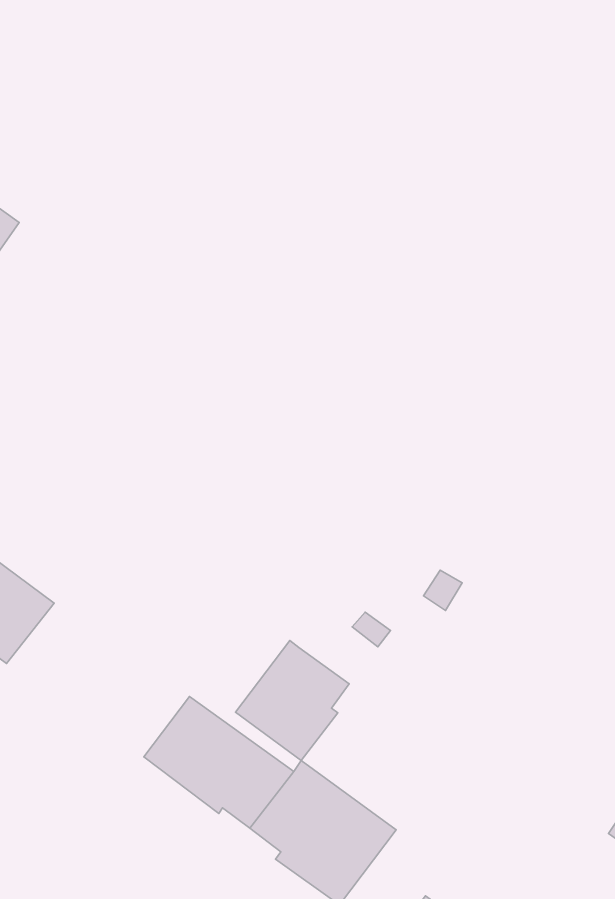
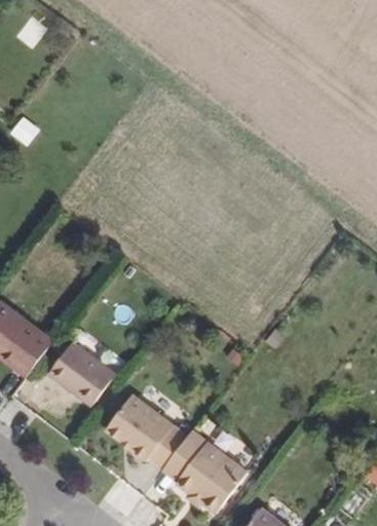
building: none -> [47,340,115,405]
building: [235,640,349,760] -> none

